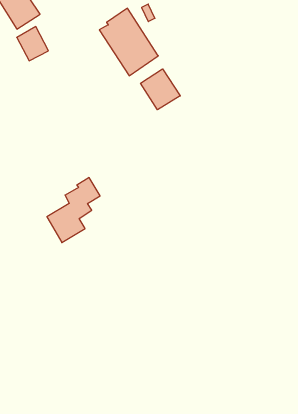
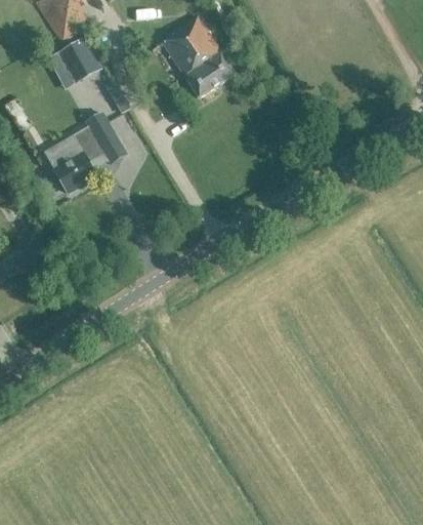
building: [141,69,180,110] -> none
building: [47,178,100,243] -> [48,113,114,193]

